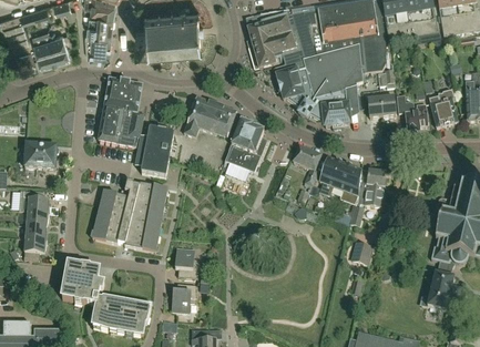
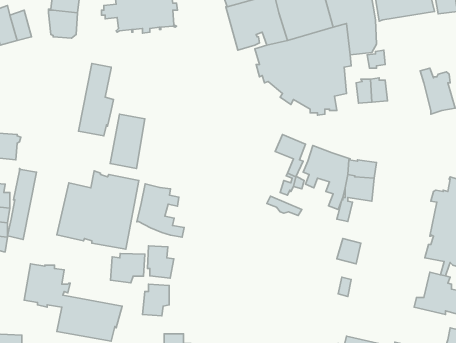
building: [98,76,124,142] -> [7,168,36,240]
building: [396,94,427,132] -> none
building: [183,96,236,136] -> none
building: [224,120,266,171] -> none
building: none -> [137,184,184,237]
building: none -> [111,254,145,283]

